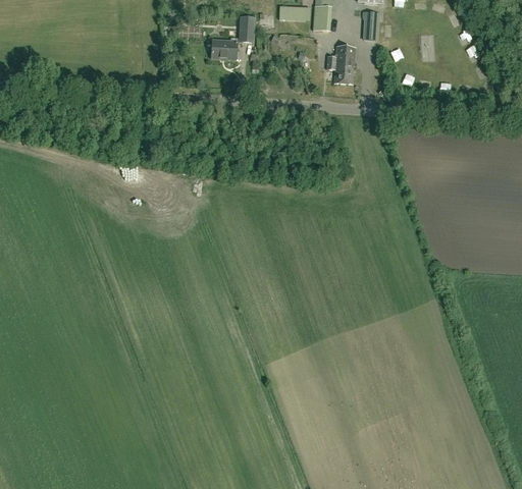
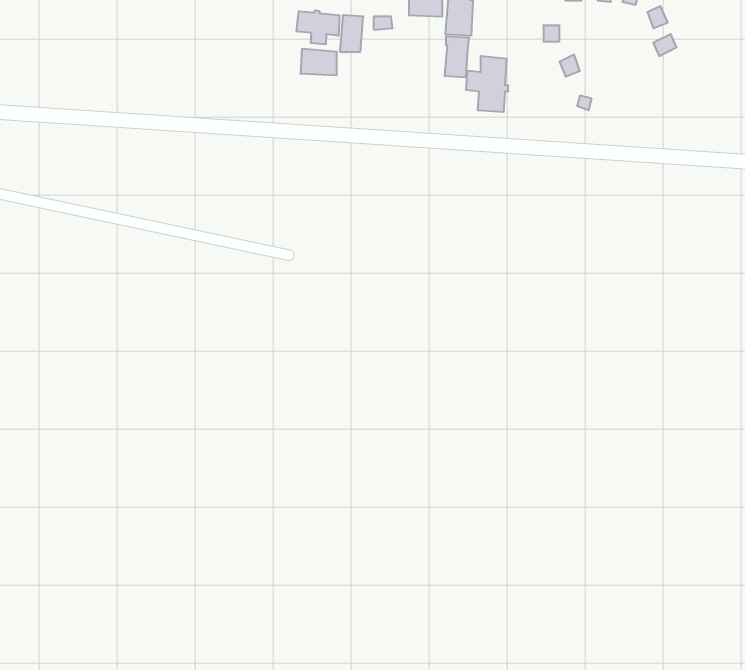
building: [361,12,378,41] -> [444,36,469,77]
building: none -> [297,10,339,44]

